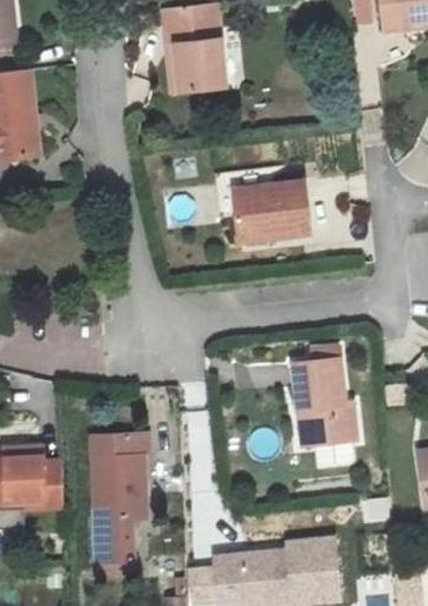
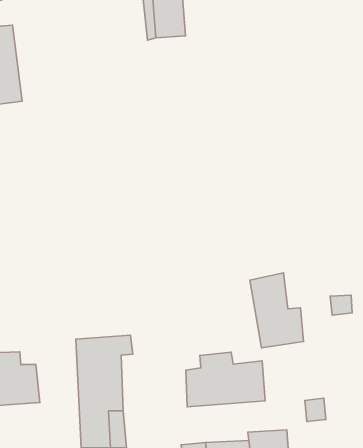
building: [233,181,306,235] -> none
building: none -> [186,352,265,407]

